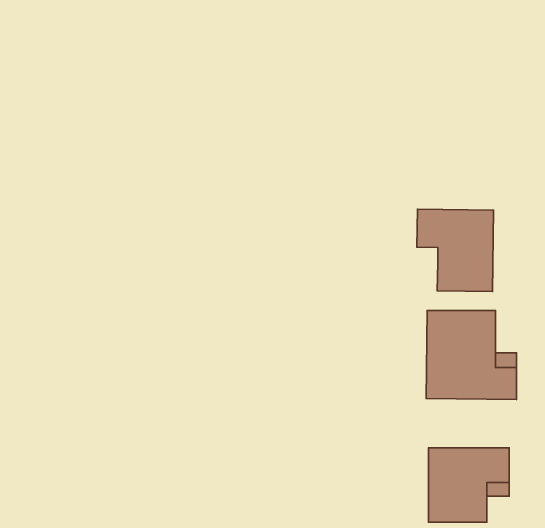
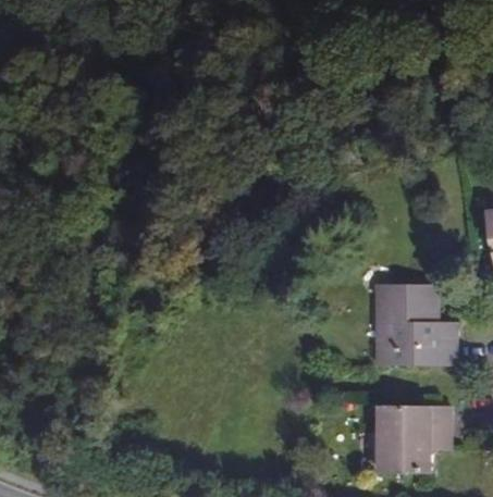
building: [417,209,493,292] -> none

